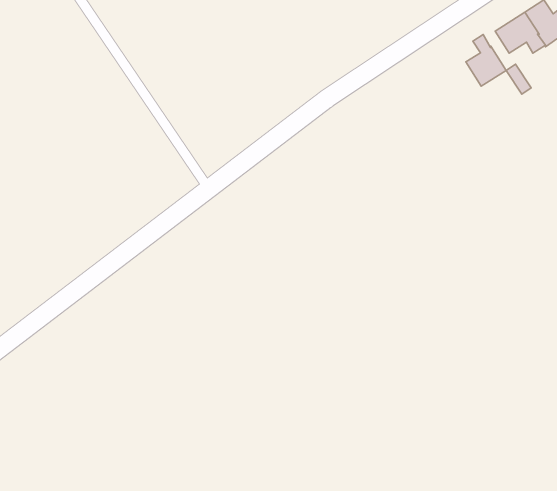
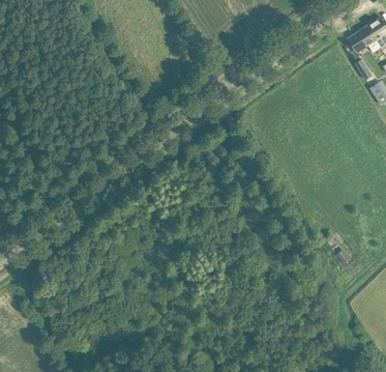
building: [466,35,506,86] -> none

